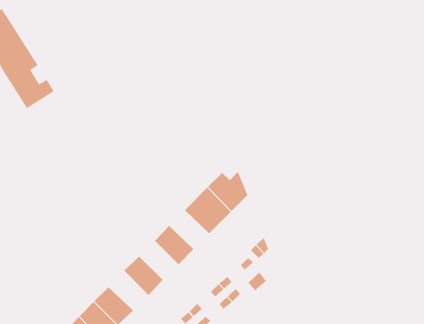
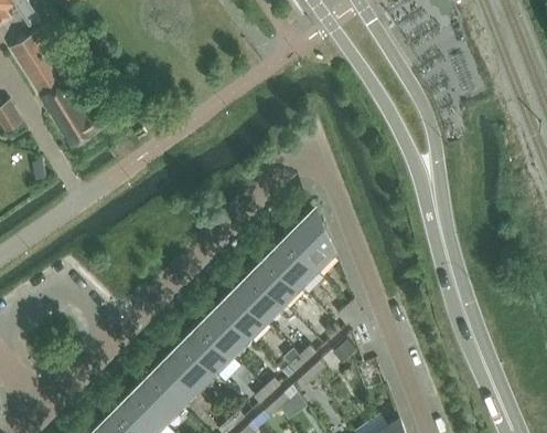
building: none -> [239,270,287,316]
building: none -> [204,306,250,352]
building: none -> [168,341,215,389]

